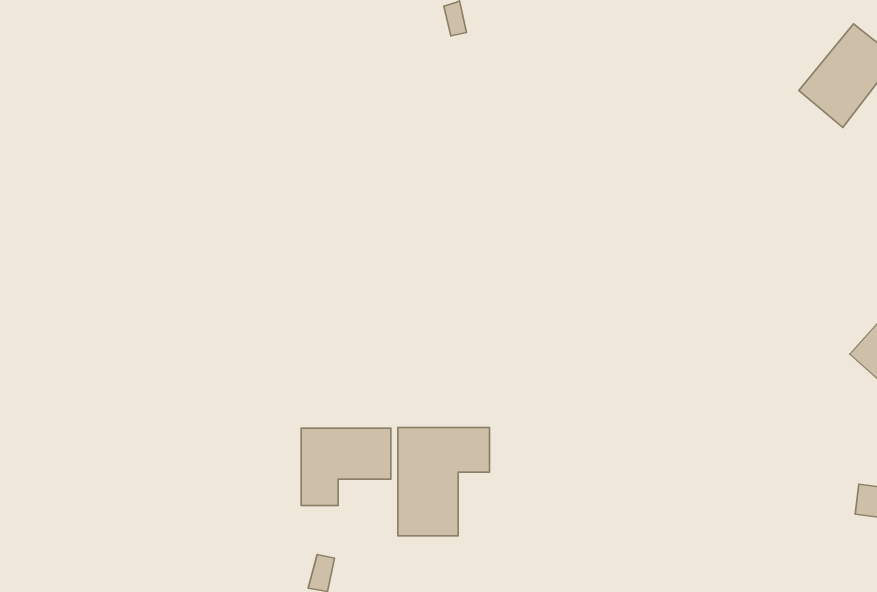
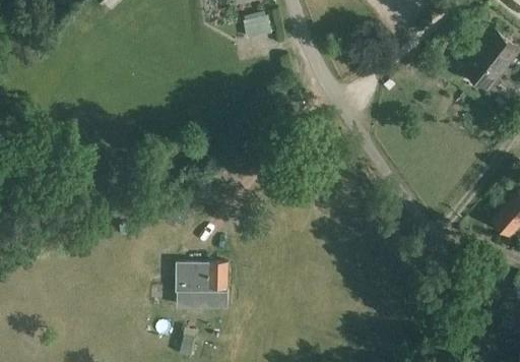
building: [398,427,490,536] -> none

